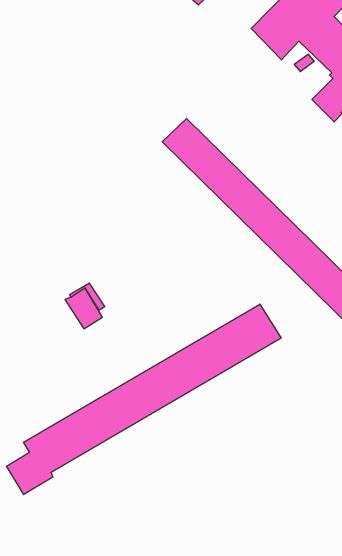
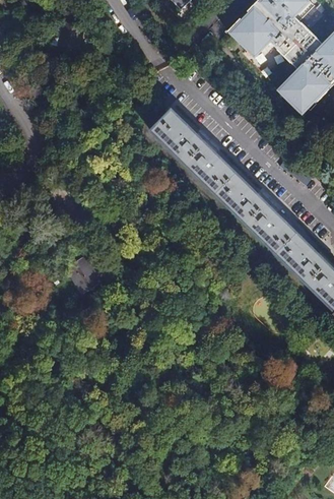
building: [7,304,281,495] -> none

